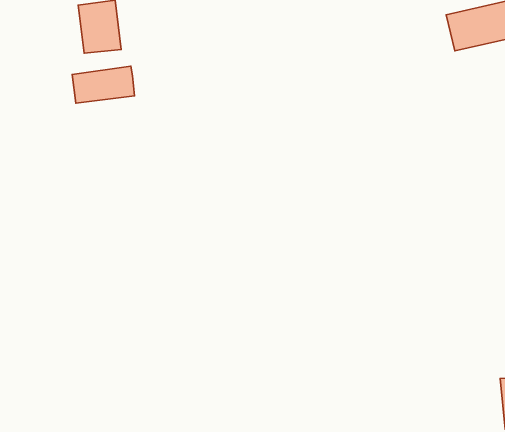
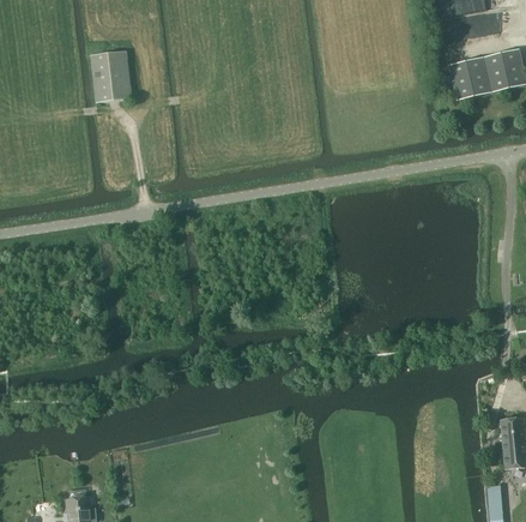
building: [72,66,135,103] -> none

